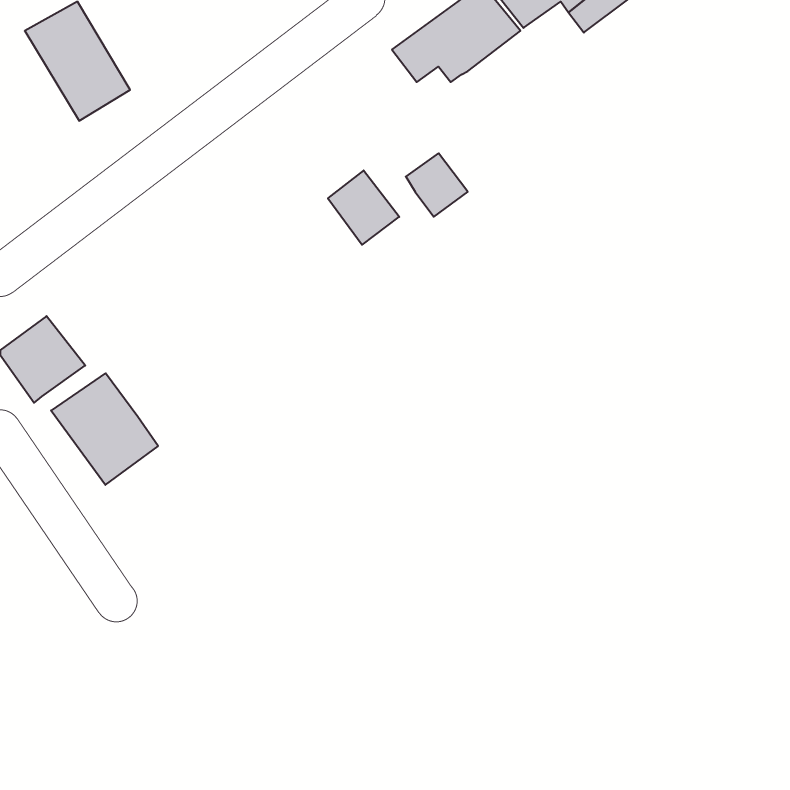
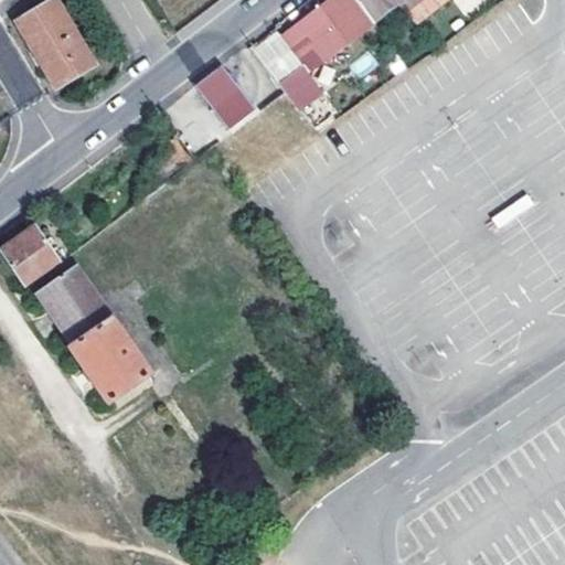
building: [406,153,468,217] -> [279,64,323,109]
building: [328,170,399,245] -> [196,66,247,119]
building: none -> [72,318,151,401]

